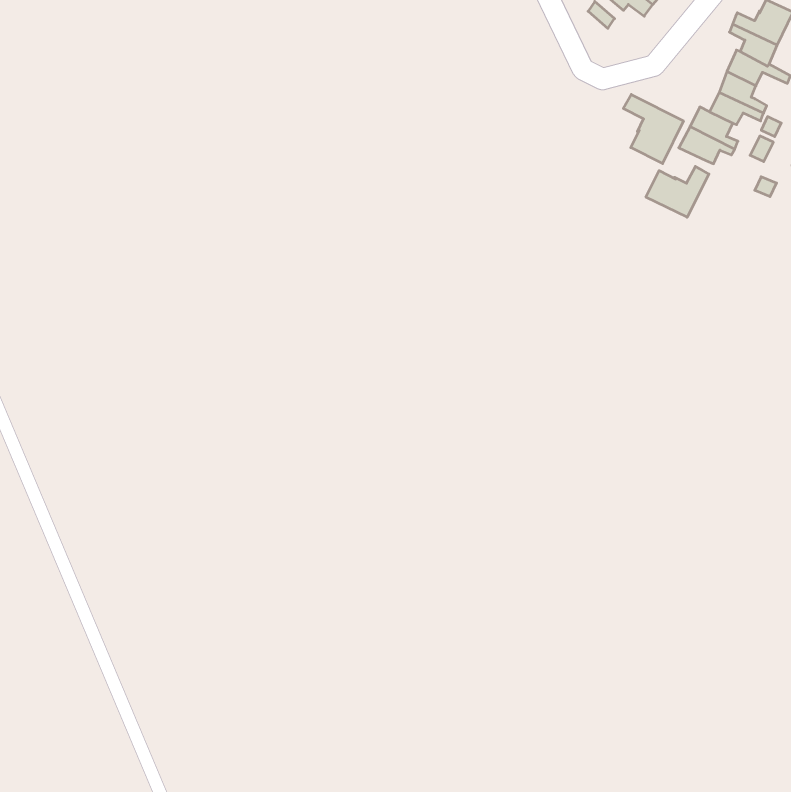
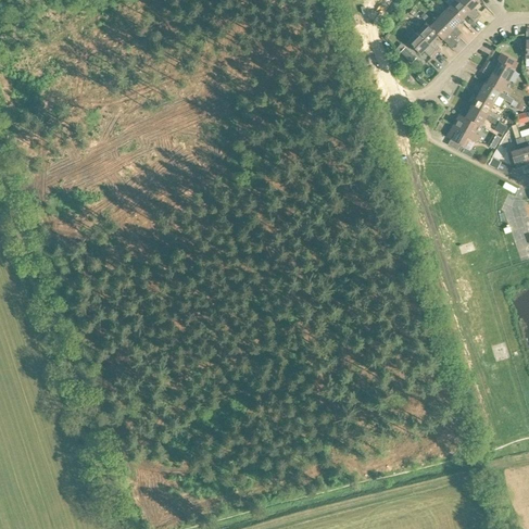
building: [623,94,683,164] -> none
building: [646,166,709,217] -> none

